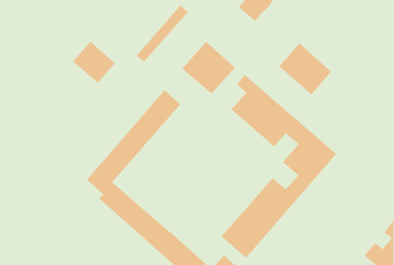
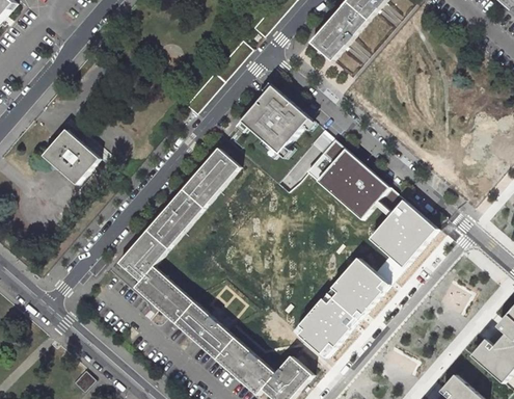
building: [72,41,116,84] -> [45,129,100,183]
building: [278,42,332,95] -> none

